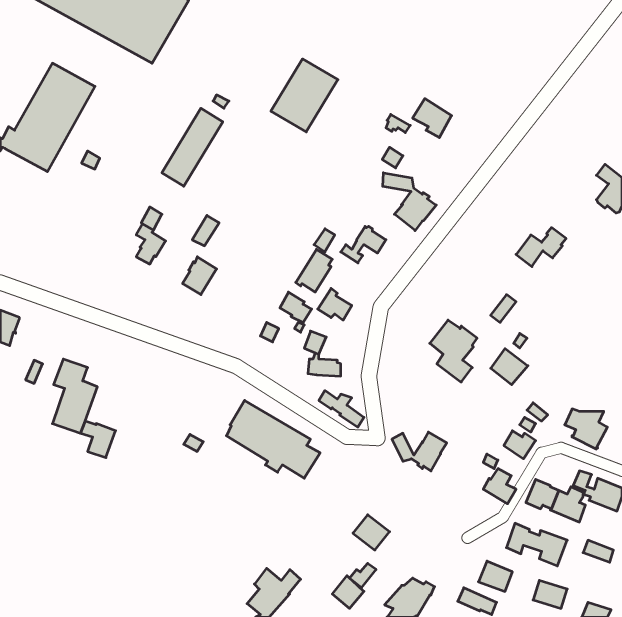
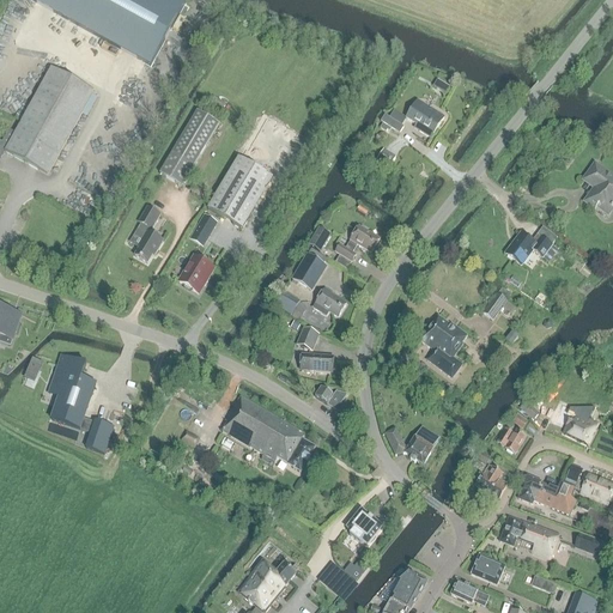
building: [271,59,338,132] -> [207,154,273,226]
building: [383,173,436,231] -> none
building: [491,349,528,385] -> none

